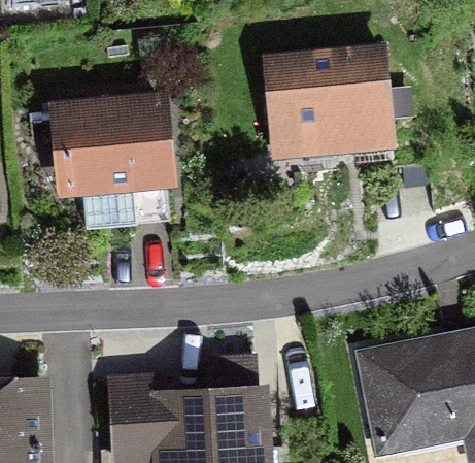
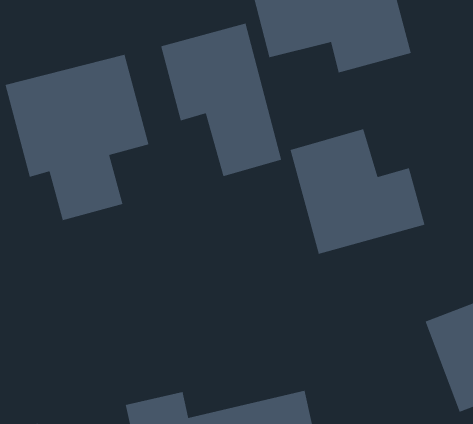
building: none -> [160,22,282,177]
building: none -> [289,128,425,255]

